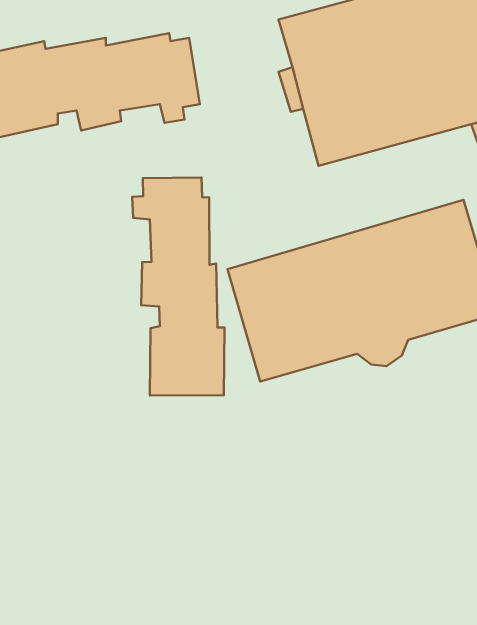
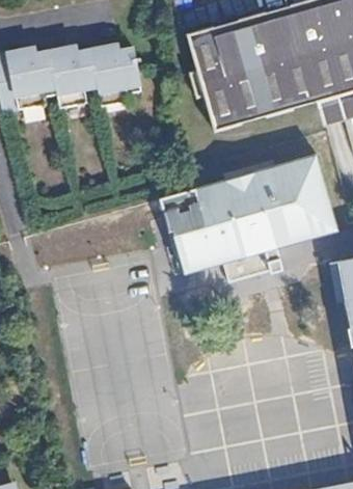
building: [132,178,225,396] -> none

